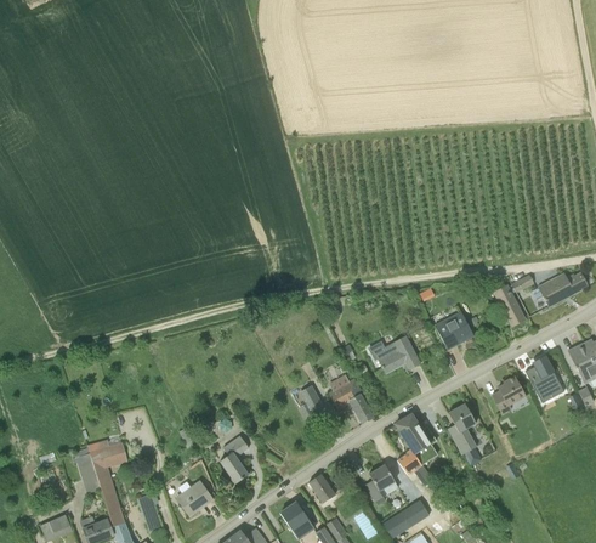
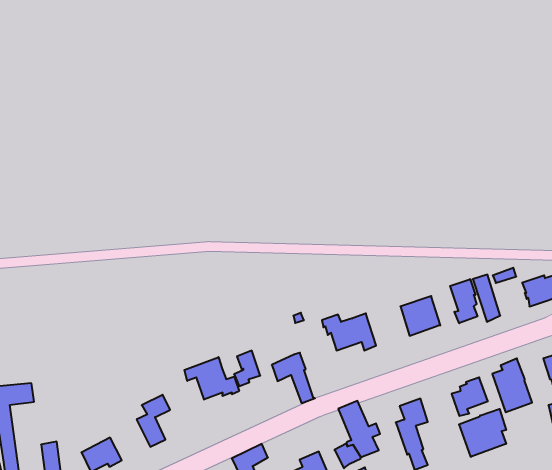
building: none -> [450,279,477,323]
building: none -> [184,357,239,400]
building: none -> [459,409,506,457]

